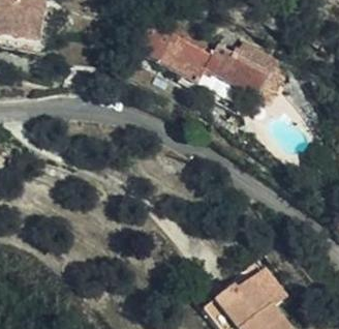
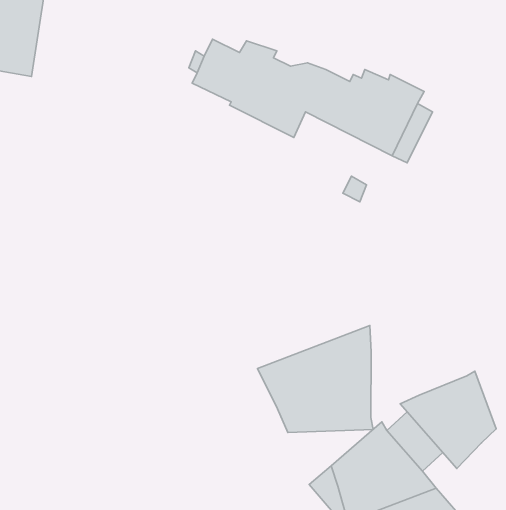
building: none -> [257,325,373,433]
building: none -> [400,371,496,468]

